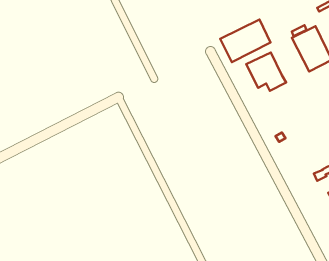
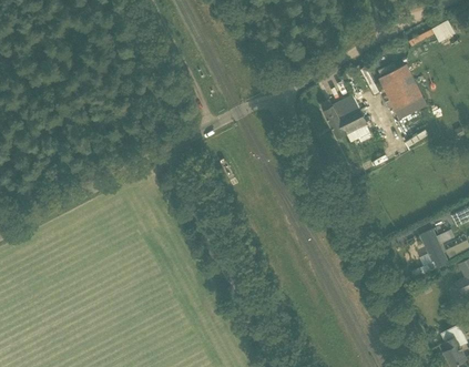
building: [220,20,271,62] -> none

